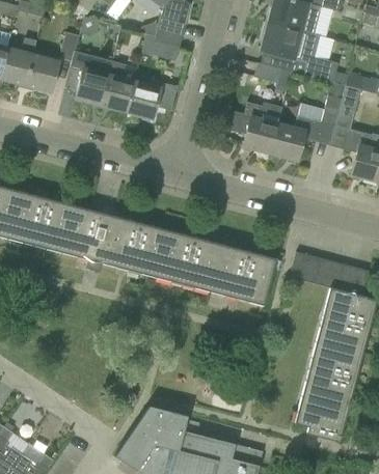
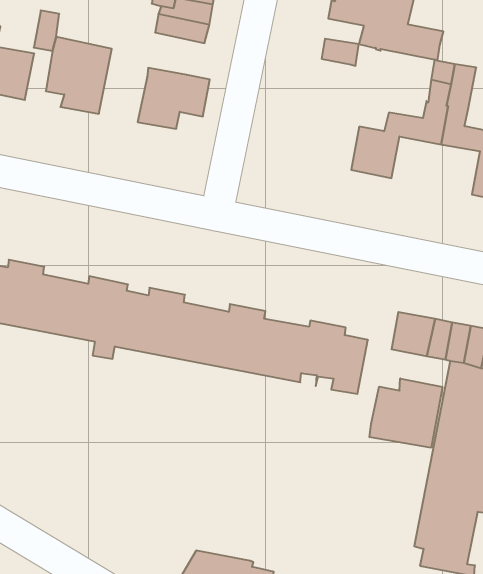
building: [101,60,135,111] -> none
building: [226,102,281,152] -> none
building: none -> [370,378,442,448]

